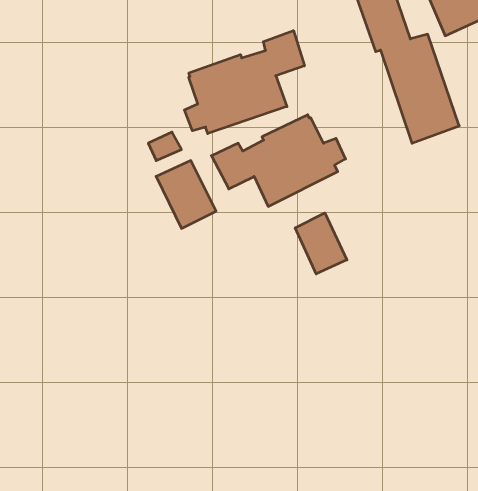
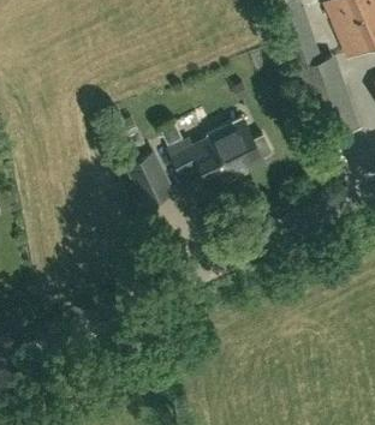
building: [184,31,304,134] -> none
building: [295,213,347,274] -> none

